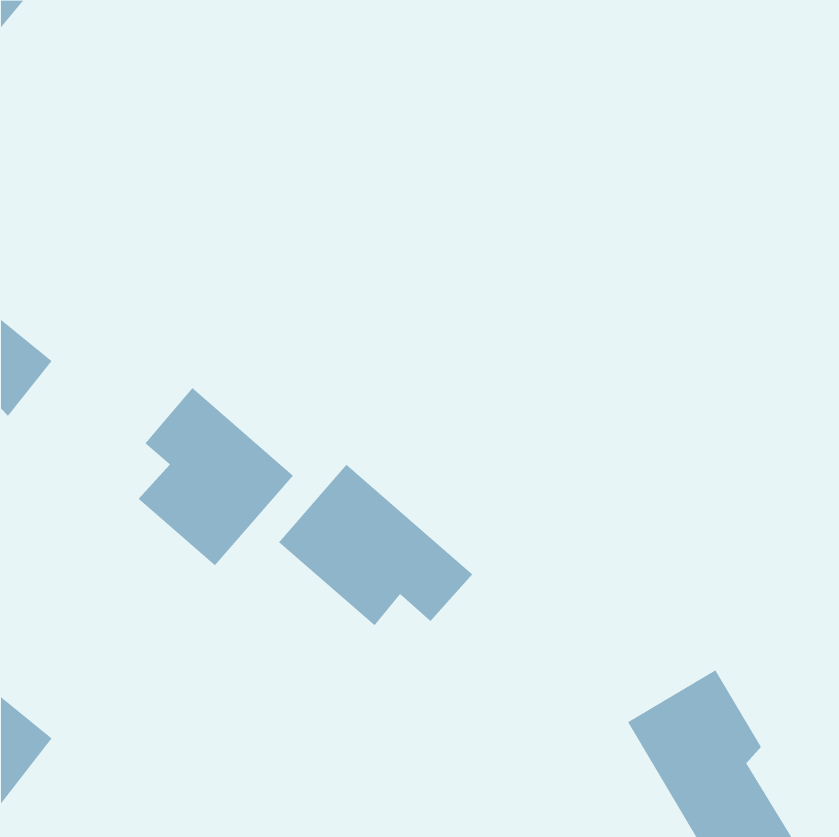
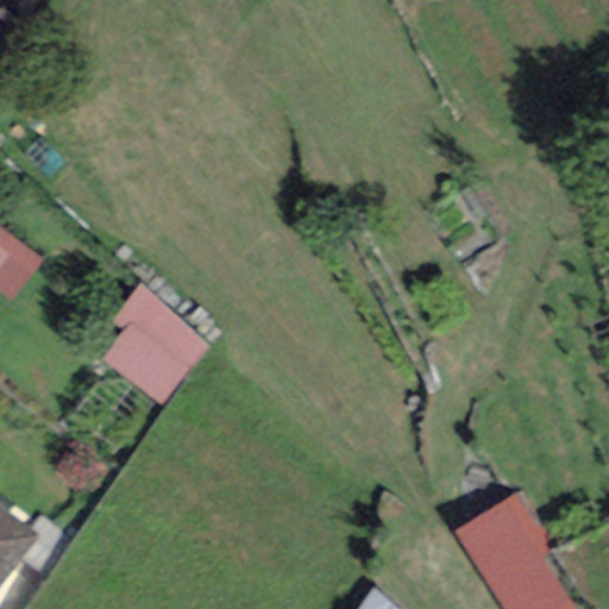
building: [278,464,473,626] -> none

